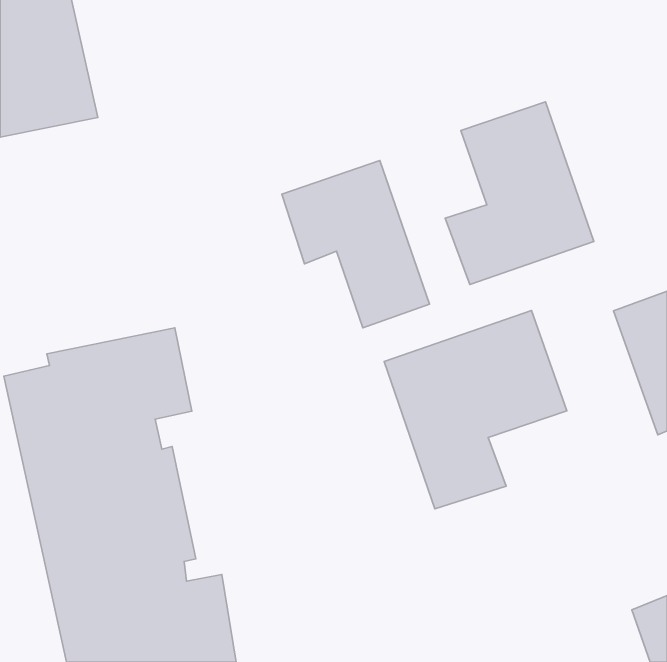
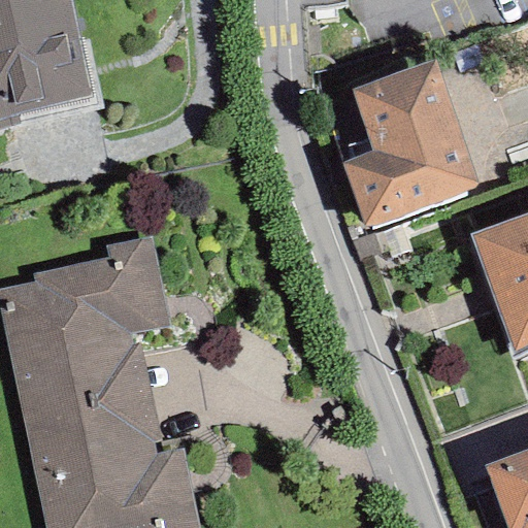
building: [282,161,429,328] -> none
building: [384,311,567,509] -> none

